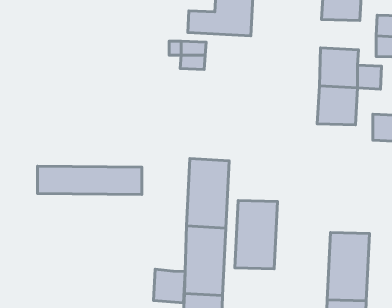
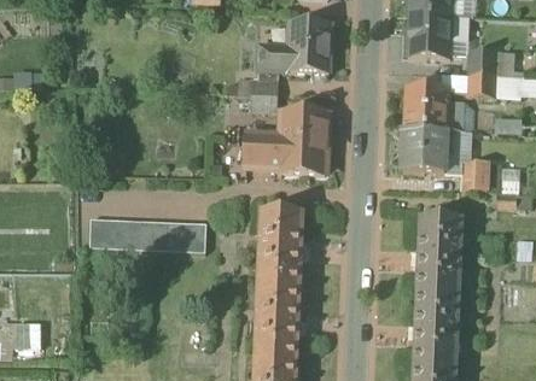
building: none -> [246,113,327,172]
building: [235,200,277,269] -> [416,217,464,293]
building: [154,269,185,303] -> none

